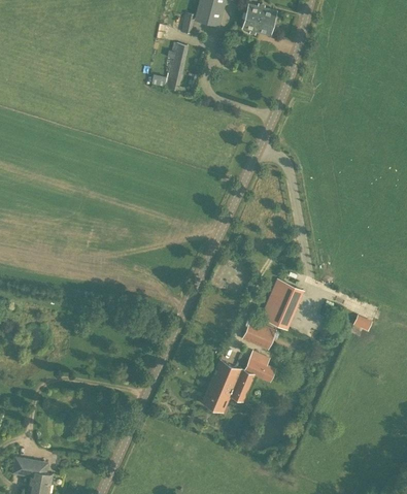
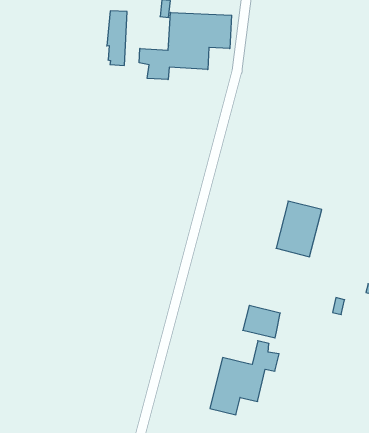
building: none -> [139,12,232,80]
building: [260,278,305,330] -> [276,201,322,257]

